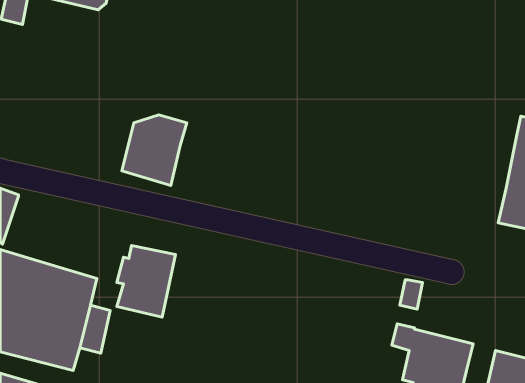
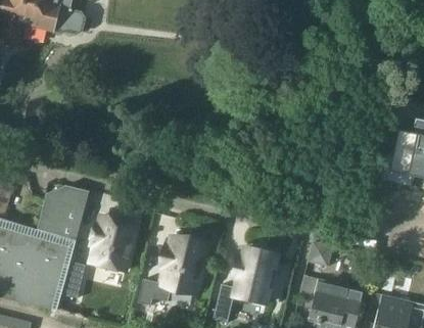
building: [122,115,187,186] -> [37,185,87,239]
building: none -> [137,235,206,303]
building: none -> [216,246,277,307]

